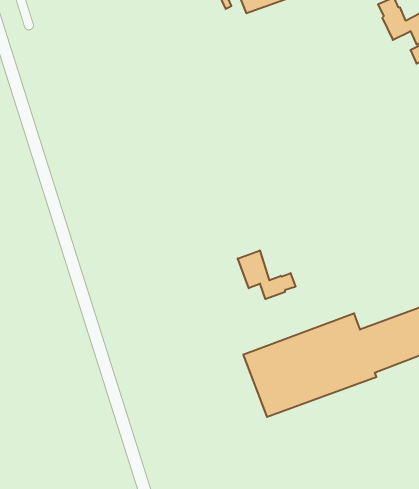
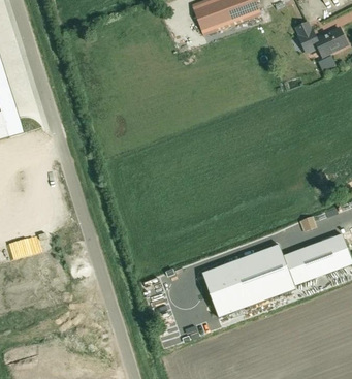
building: [238,250,296,299] -> none

